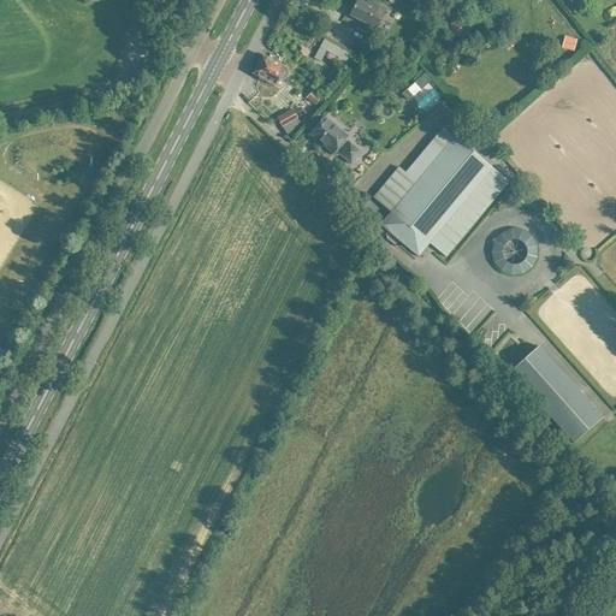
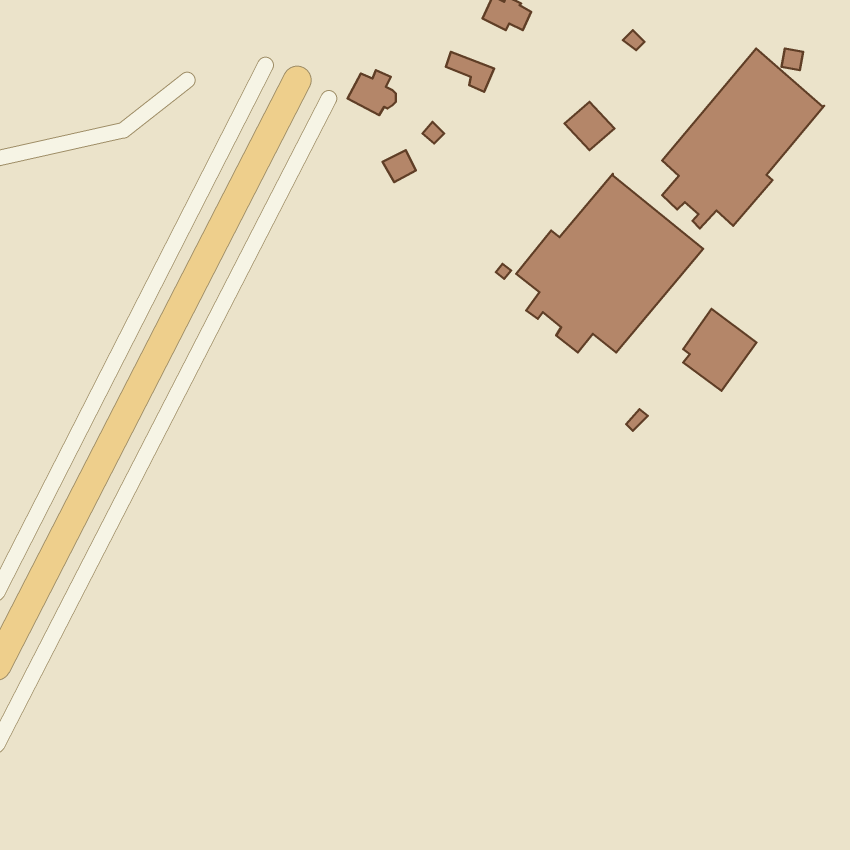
building: none -> [662,48,824,229]
building: [309,116,360,162] -> none
building: [511,346,605,444] -> none

